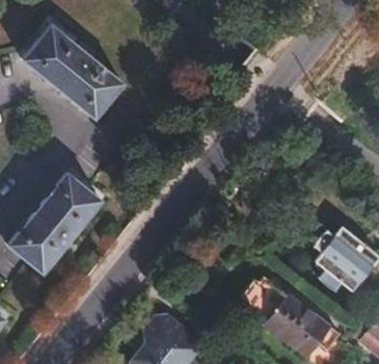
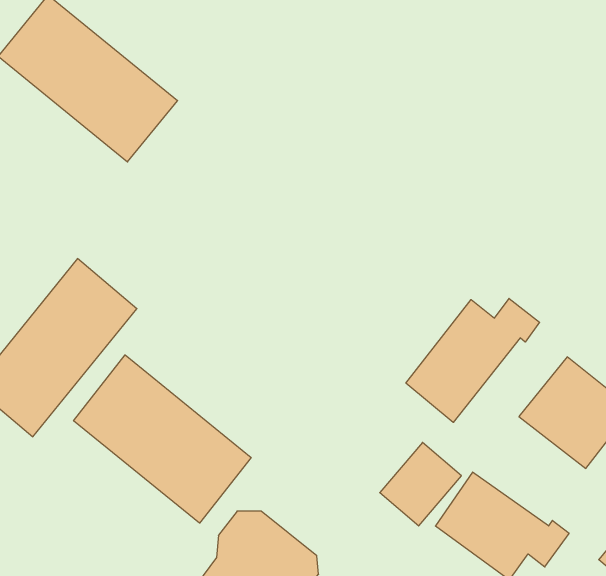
building: none -> [406,298,540,422]
building: none -> [74,355,251,523]

